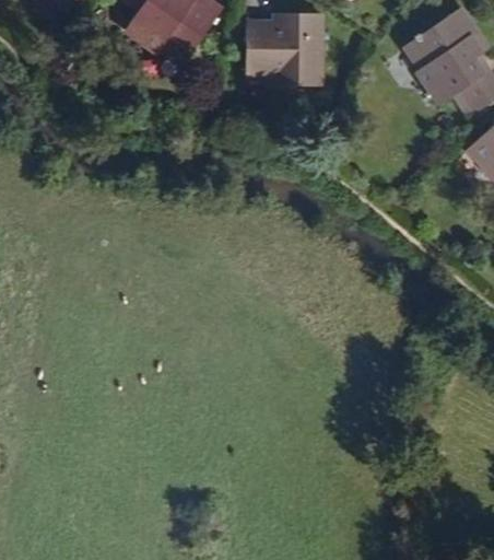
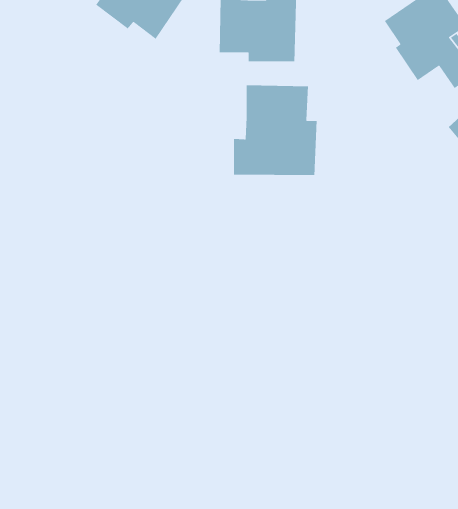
building: none -> [233,85,318,176]

